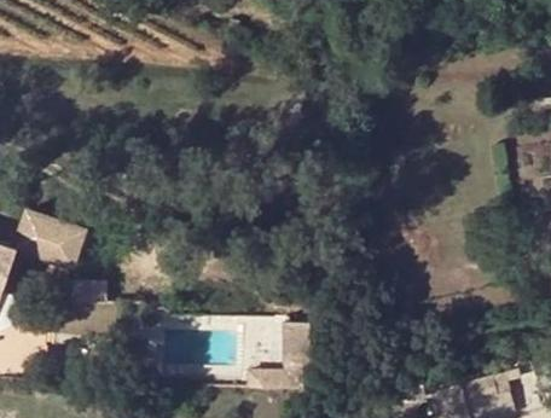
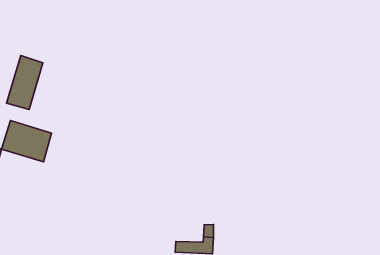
building: none -> [6,56,43,109]

